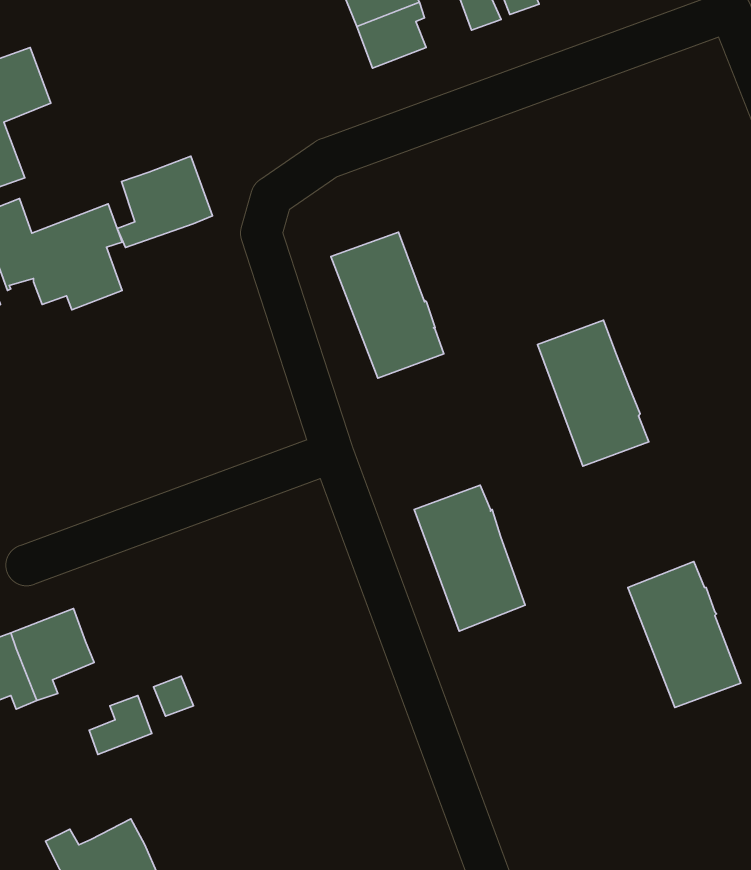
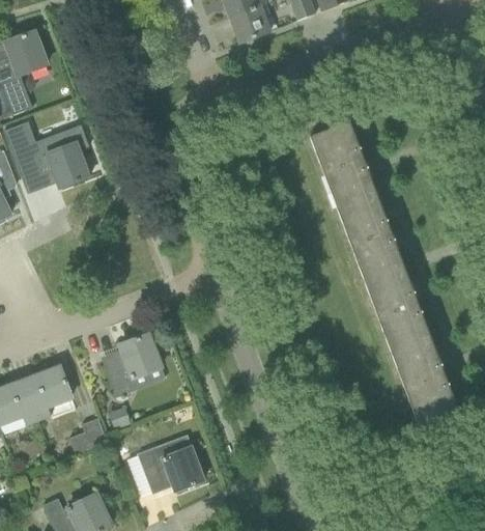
building: [117,156,212,248] -> none
building: [331,232,444,378] -> [309,120,376,207]
building: [414,485,525,631] -> [364,266,430,353]
building: none -> [103,332,162,395]
building: none -> [139,445,204,491]

